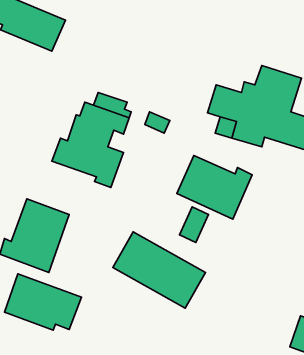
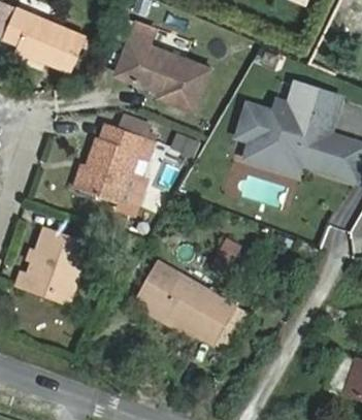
building: none -> [116,22,209,108]
building: [177,155,252,219] -> none
building: [4,274,82,330] -> none

